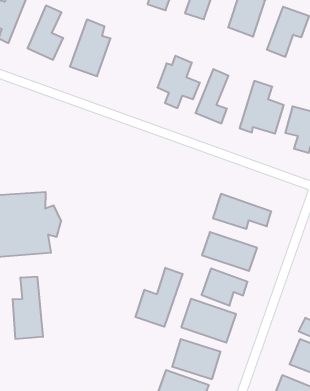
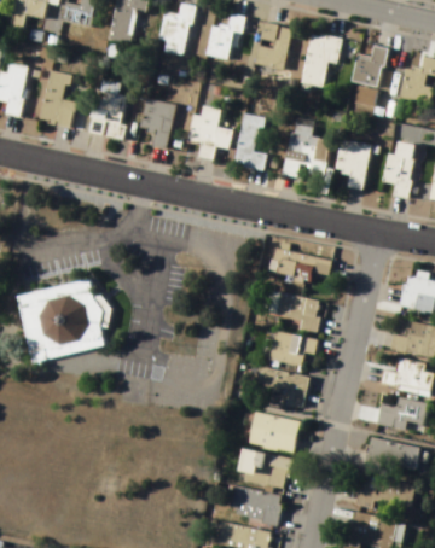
building: none -> [139,99,175,148]
building: [135,268,183,327] -> none
building: [13,277,43,339] -> none

